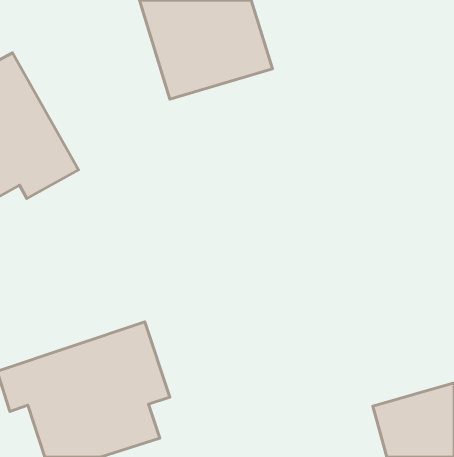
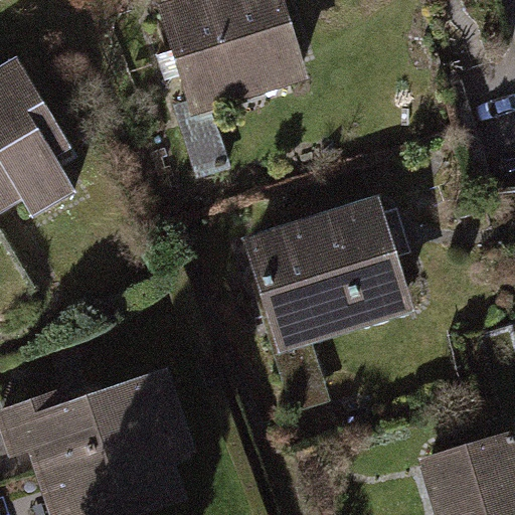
building: none -> [241,196,415,351]

